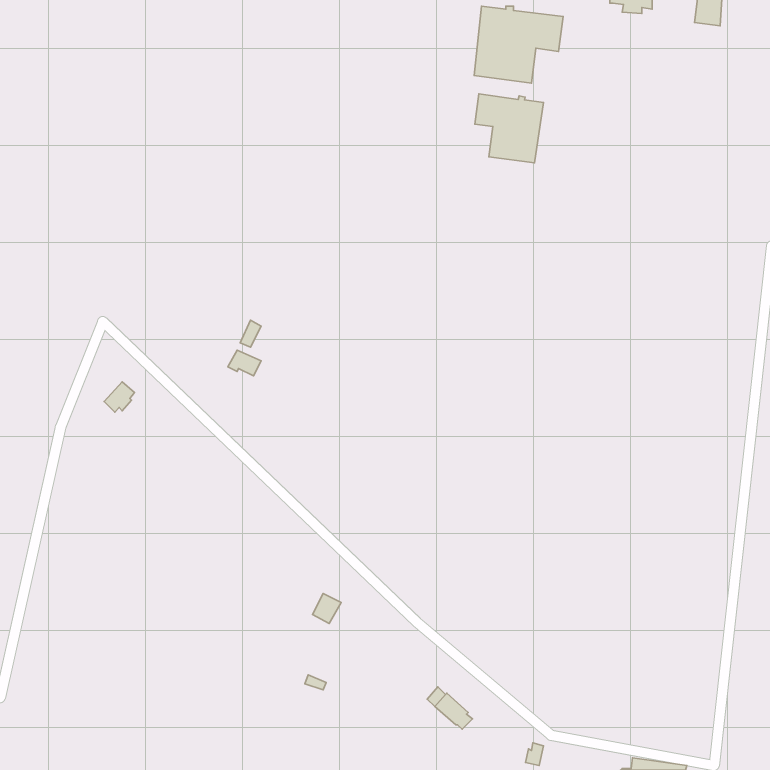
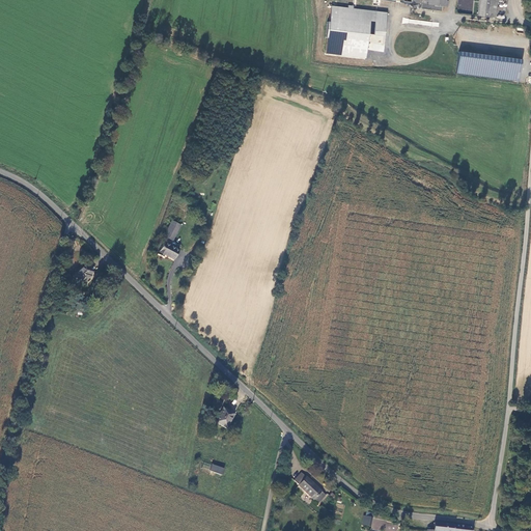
building: none -> [457,51,523,80]
building: [475,94,544,163] -> none

